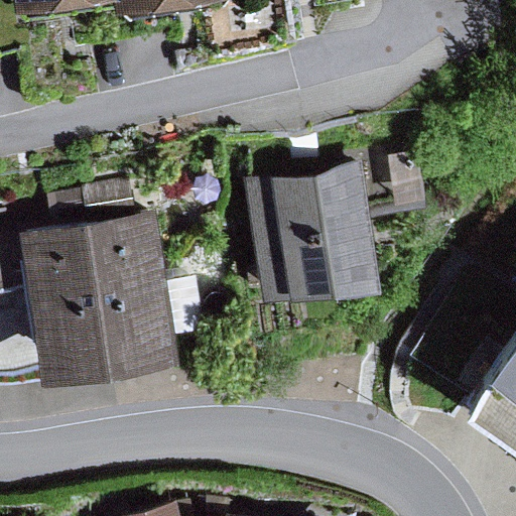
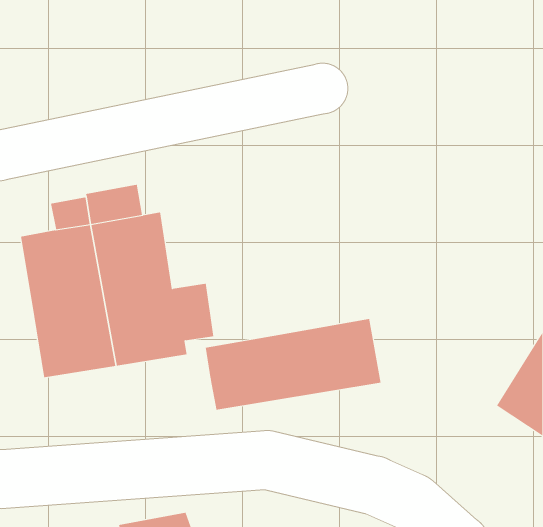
building: [246,165,381,297] -> none
building: none -> [205,318,381,410]

